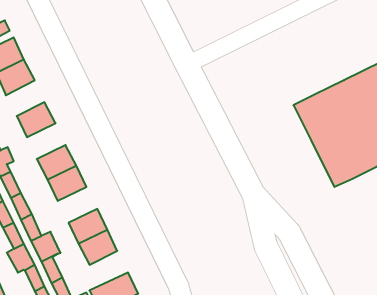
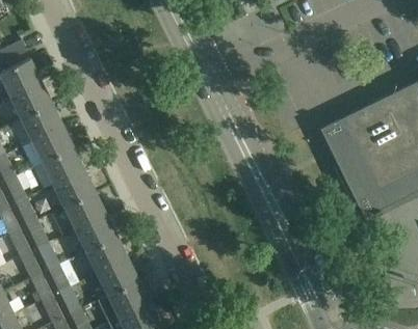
building: none -> [21,103,61,140]
building: none -> [32,147,83,189]
building: none -> [75,214,116,251]
building: none -> [98,280,149,322]

